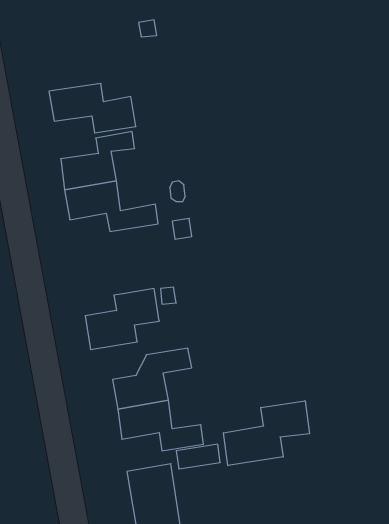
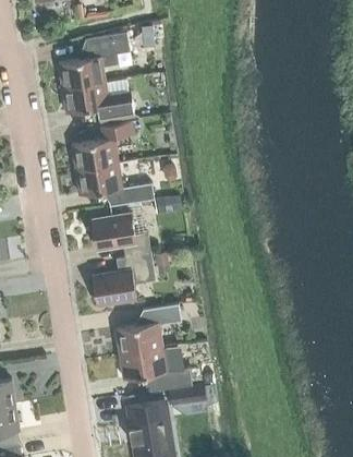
building: none -> [58,32,131,87]
building: none -> [90,214,149,257]
building: [224,401,309,466] -> none

